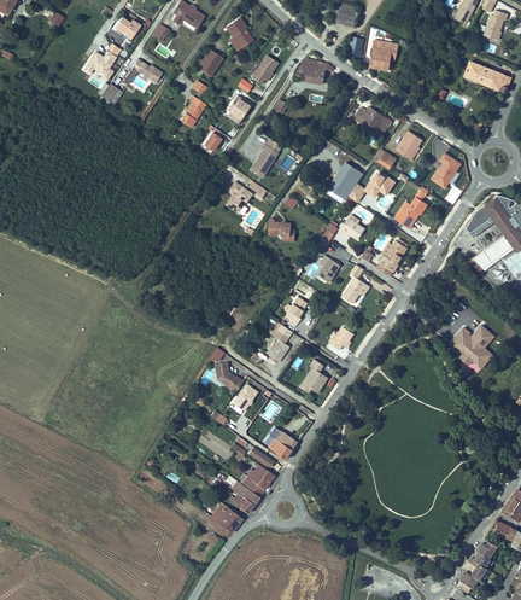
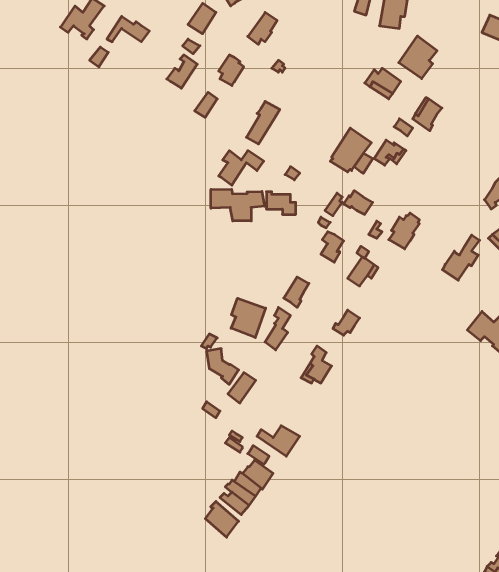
building: [293,59,333,86] -> none
building: none -> [399,36,437,79]
building: [432,153,461,190] -> none
building: [394,187,428,228] -> [442,235,480,280]
building: none -> [211,189,265,221]
building: none -> [231,298,266,338]

